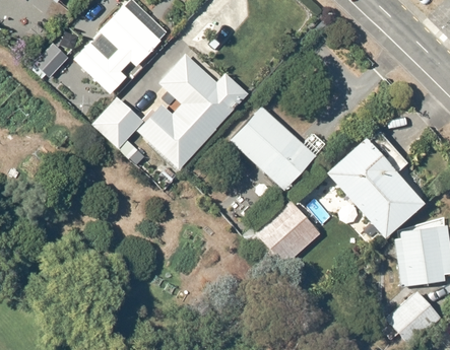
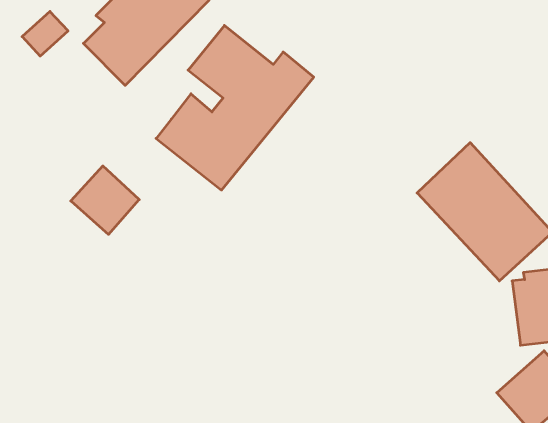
building: [95,95,145,145] -> [71,166,139,234]
building: [229,106,315,189] -> none
building: [260,201,325,265] -> none

